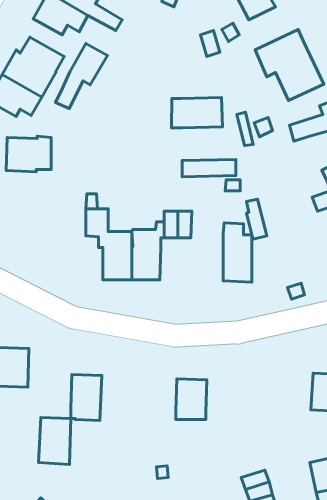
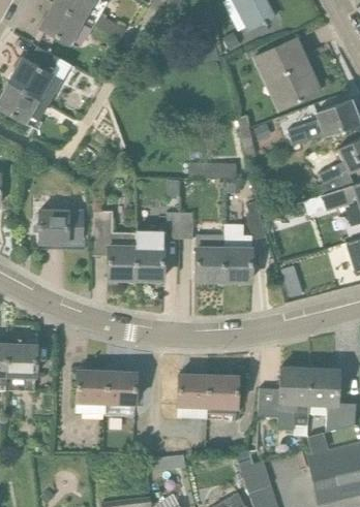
building: [56,43,107,109] -> none
building: [171,97,223,128] -> none
building: [6,136,51,172] -> [38,209,82,243]
building: none -> [196,234,223,280]
building: none -> [259,368,310,430]
building: none -> [207,375,237,414]
building: [39,417,71,465] -> [104,371,136,416]

